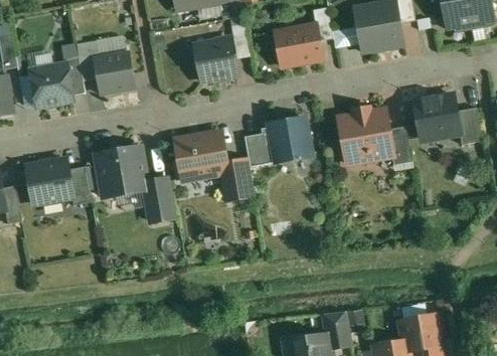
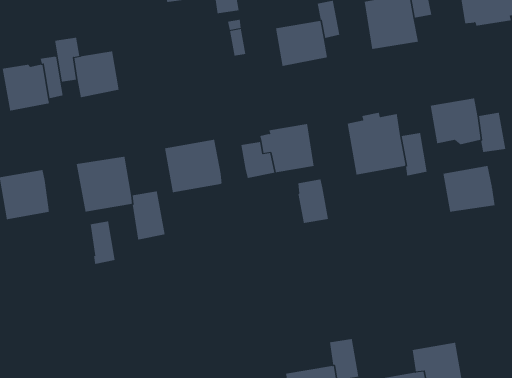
building: [193,37,236,80] -> none
building: none -> [443,165,495,213]
building: [226,159,255,199] -> [298,179,329,224]
building: [68,166,92,205] -> [90,221,116,265]

